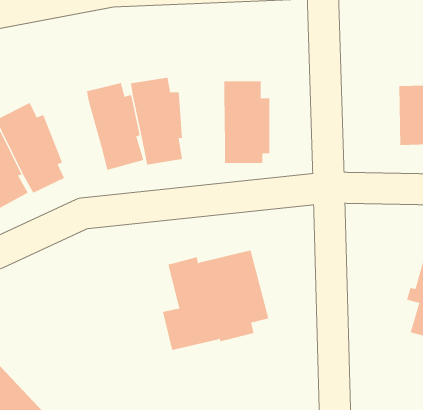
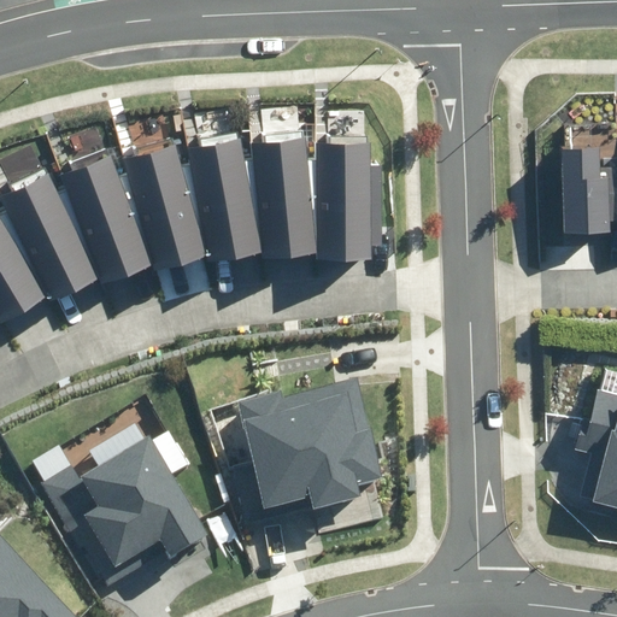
building: none -> [254,139,318,259]
building: none -> [60,154,151,282]
building: none -> [42,436,208,586]

